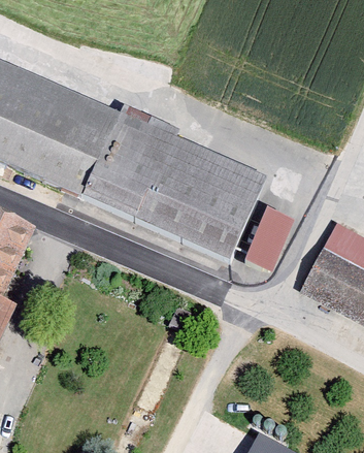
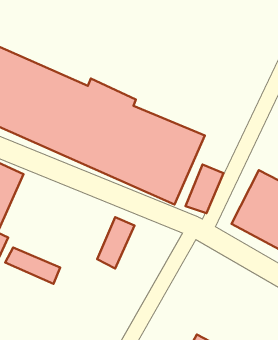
building: none -> [97,217,134,269]
building: none -> [5,247,60,284]

